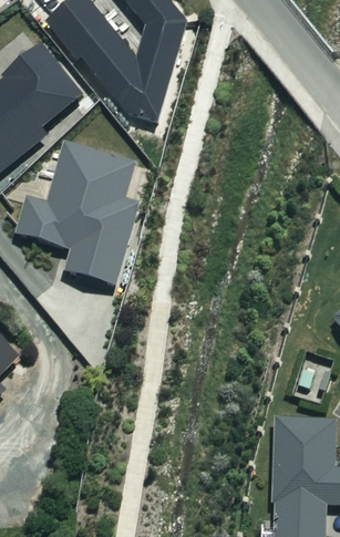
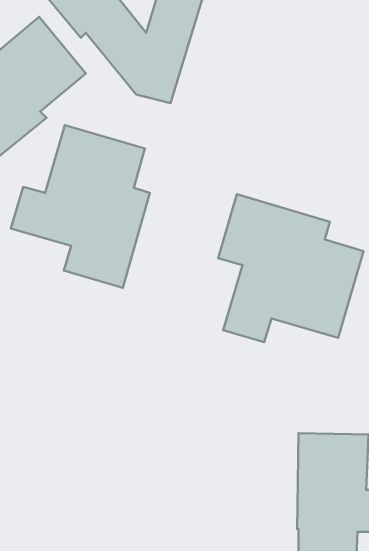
building: none -> [218,194,364,342]

